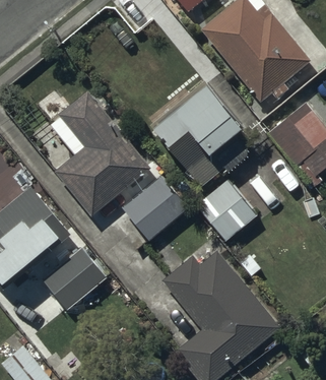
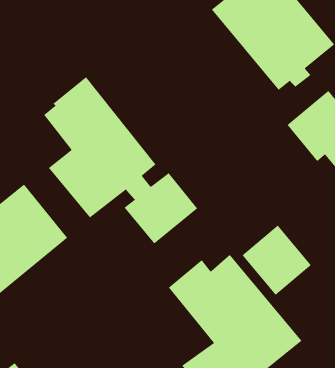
building: [149,85,253,187] -> none
building: [195,178,258,242] -> [242,225,312,296]
building: [42,245,122,310] -> none

